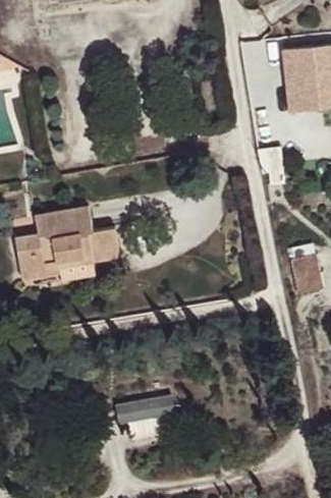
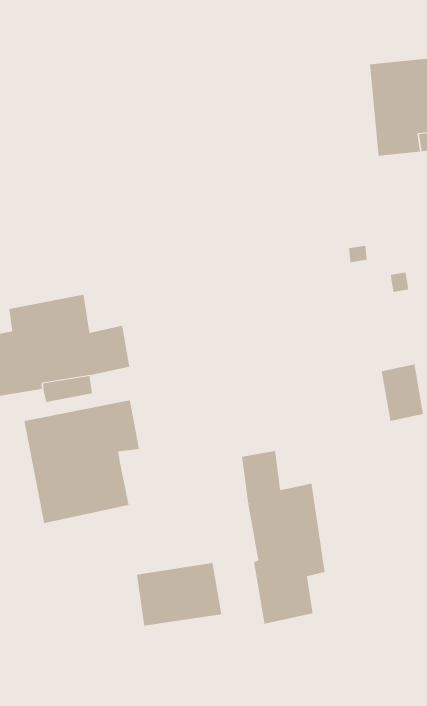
building: none -> [24,400,140,524]
building: none -> [242,450,325,625]

